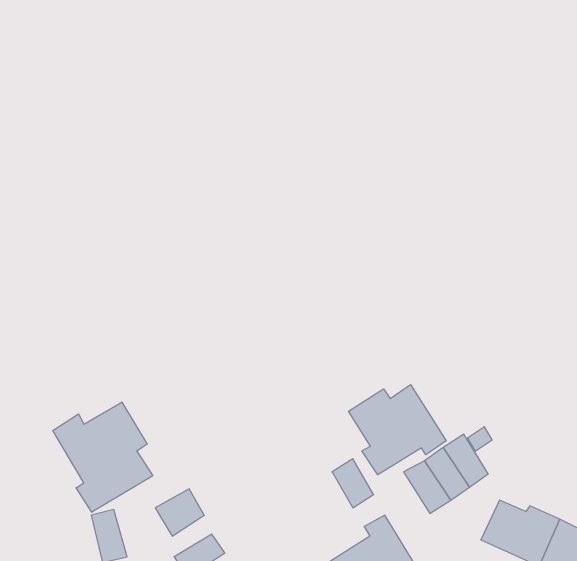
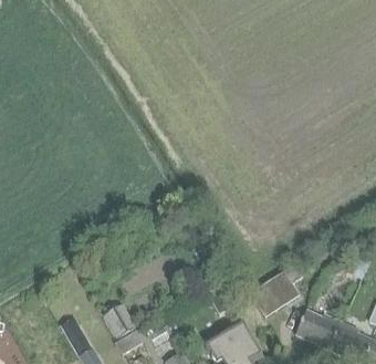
building: [349,385,446,475] -> none
building: [53,402,153,512] -> none

